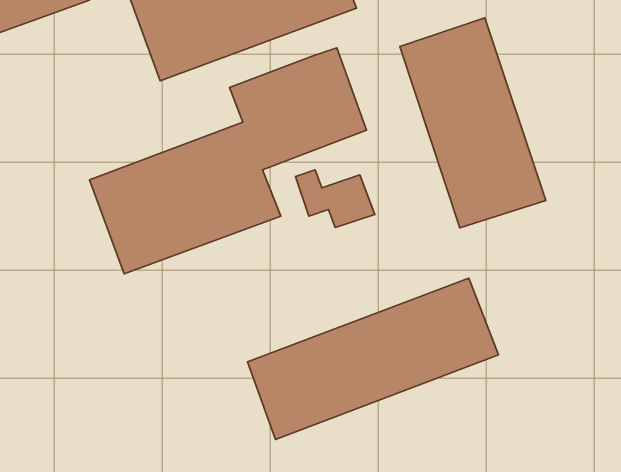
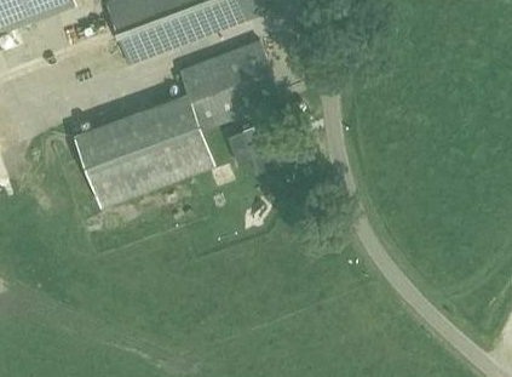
building: [400,18,546,228] -> none
building: [248,278,499,440] -> none

